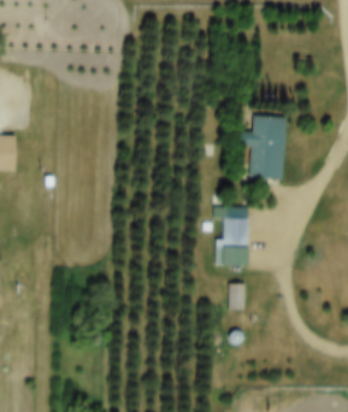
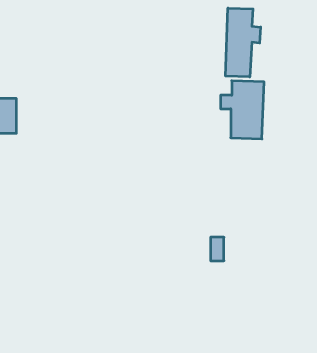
building: none -> [226,8,261,77]
building: [214,207,249,266] -> none

